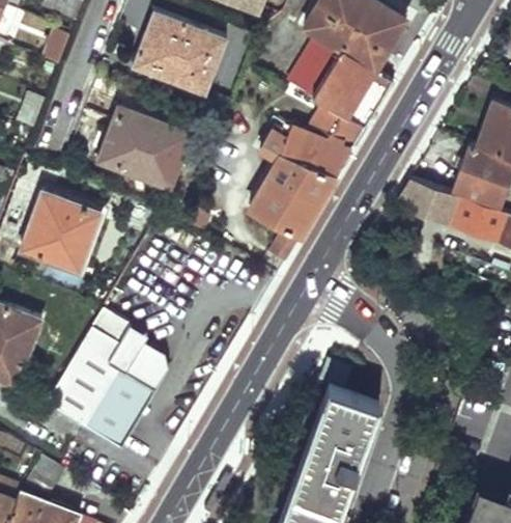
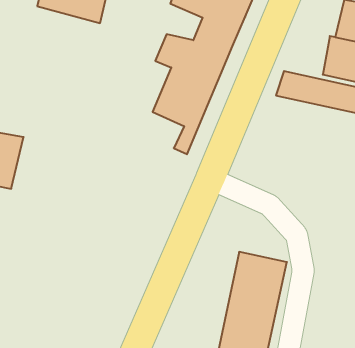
building: [101,107,189,189] -> none
building: [47,309,170,445] -> none

